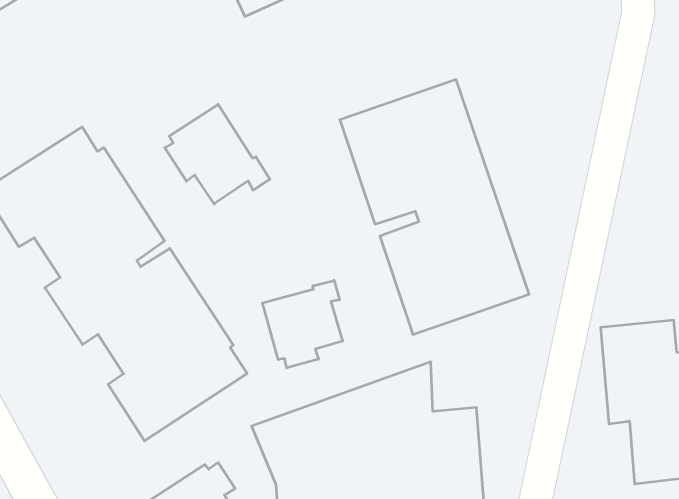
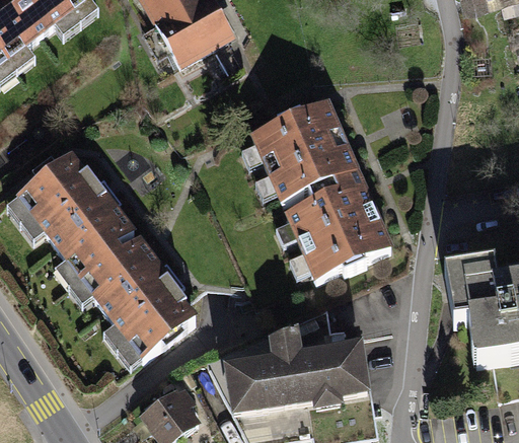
building: [165,104,270,204] -> none
building: [262,280,343,368] -> none

